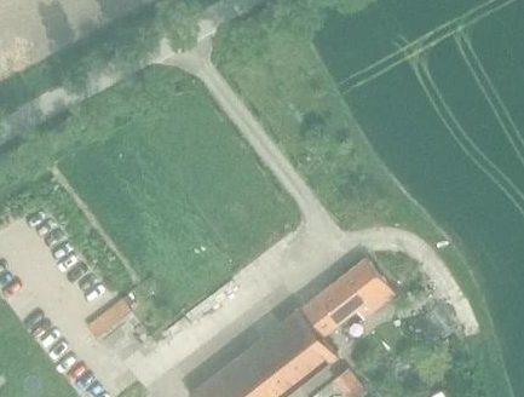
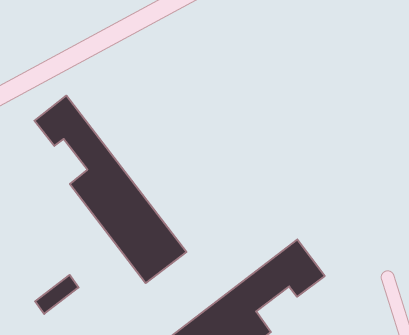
building: none -> [34,96,186,283]

